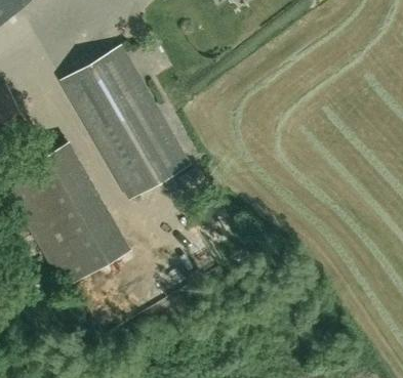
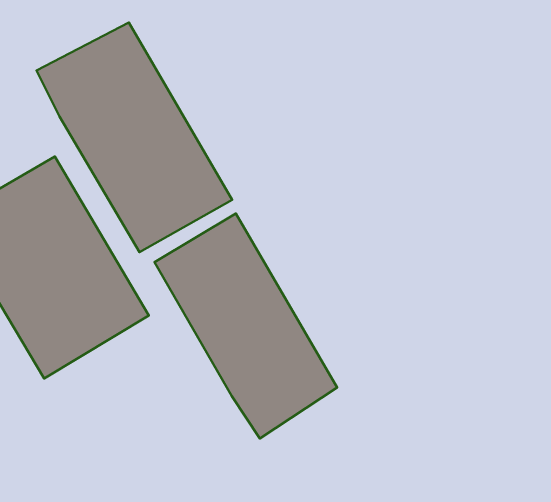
building: none -> [155,213,337,439]

